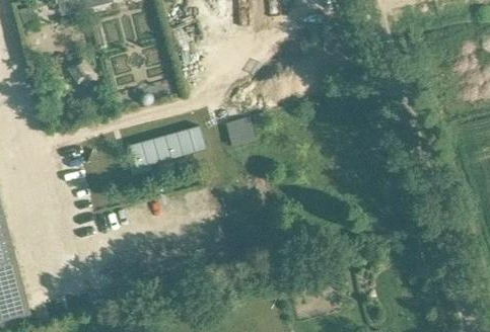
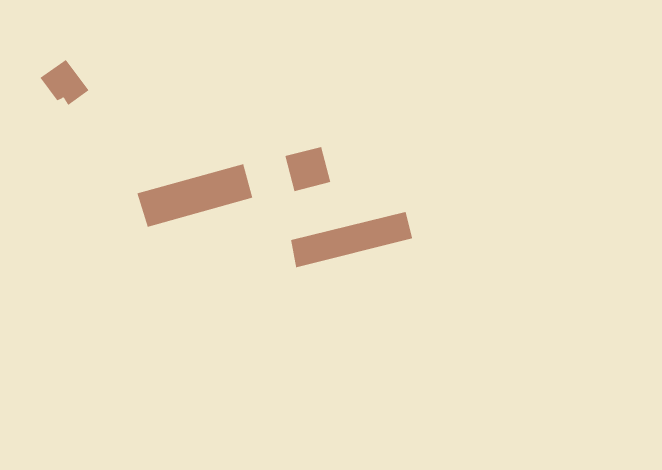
building: none -> [290,211,413,268]

